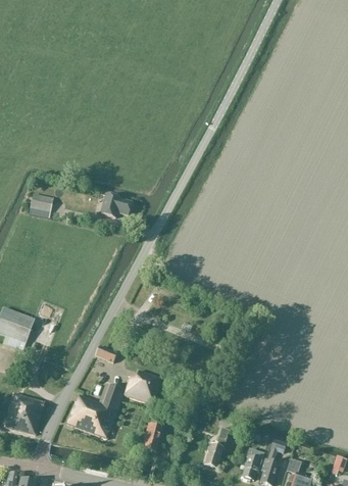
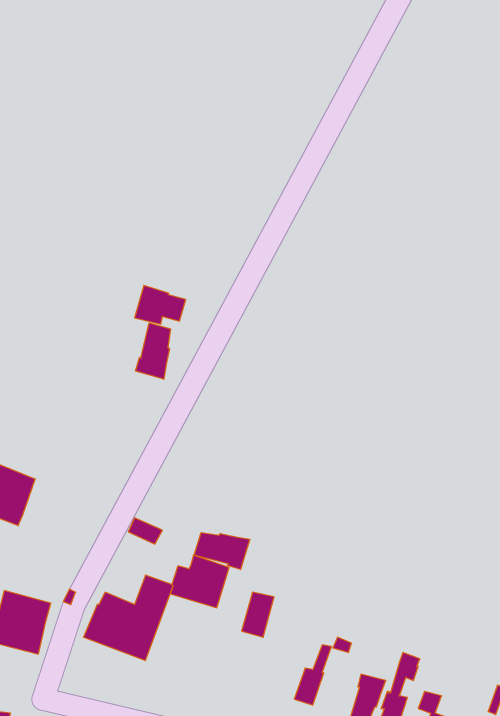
building: [29,196,52,217] -> none
building: none -> [135,323,170,379]
building: none -> [194,533,250,570]
building: [141,423,162,452] -> [242,592,274,637]

